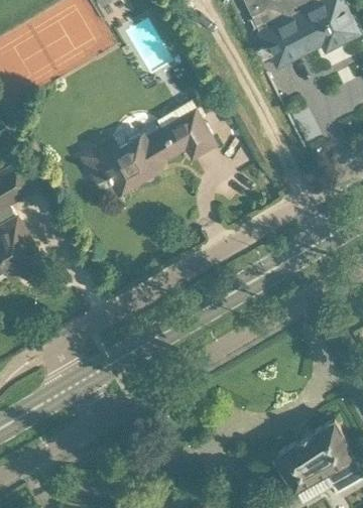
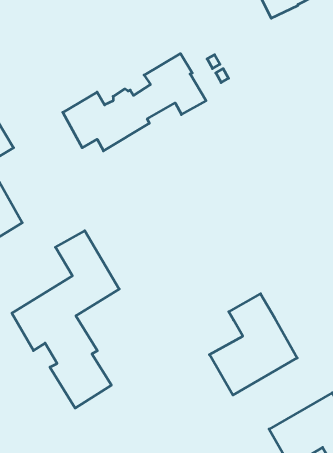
building: none -> [12,231,119,408]
building: none -> [209,294,297,395]

